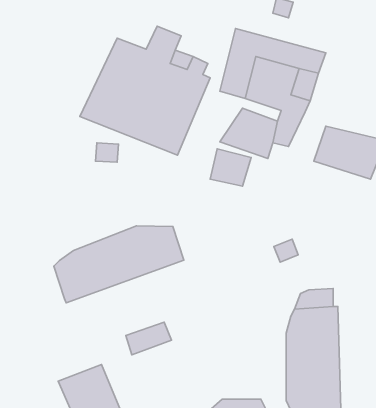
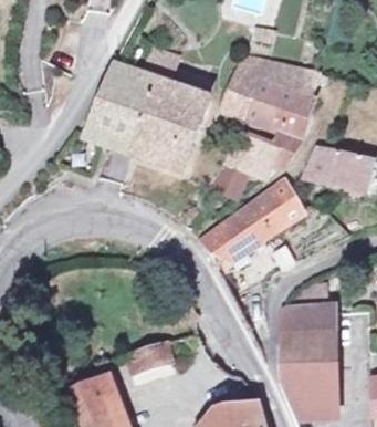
building: none -> [205,181,300,273]
building: [54,226,184,303] -> none

